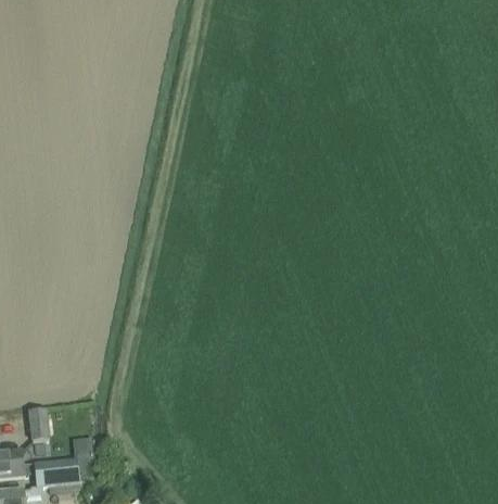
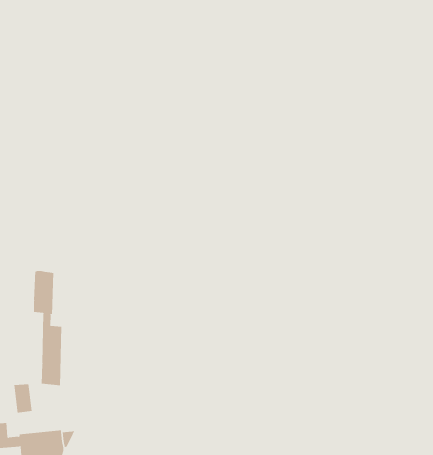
building: none -> [33,270,62,386]

